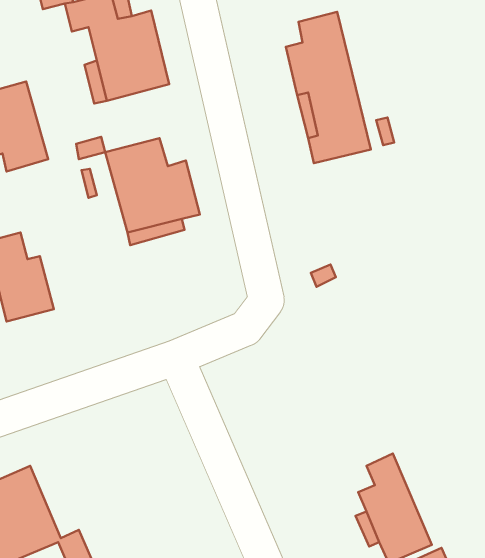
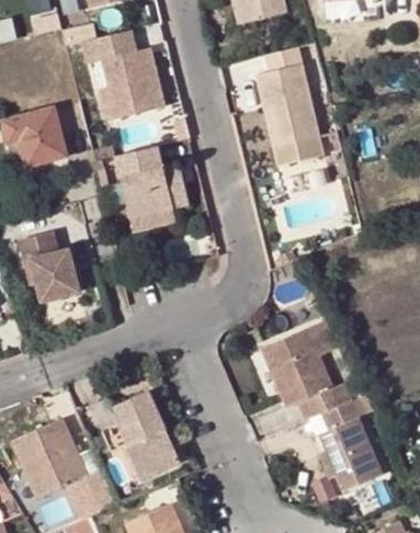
building: none -> [261,326,351,418]
building: none -> [111,385,175,474]

